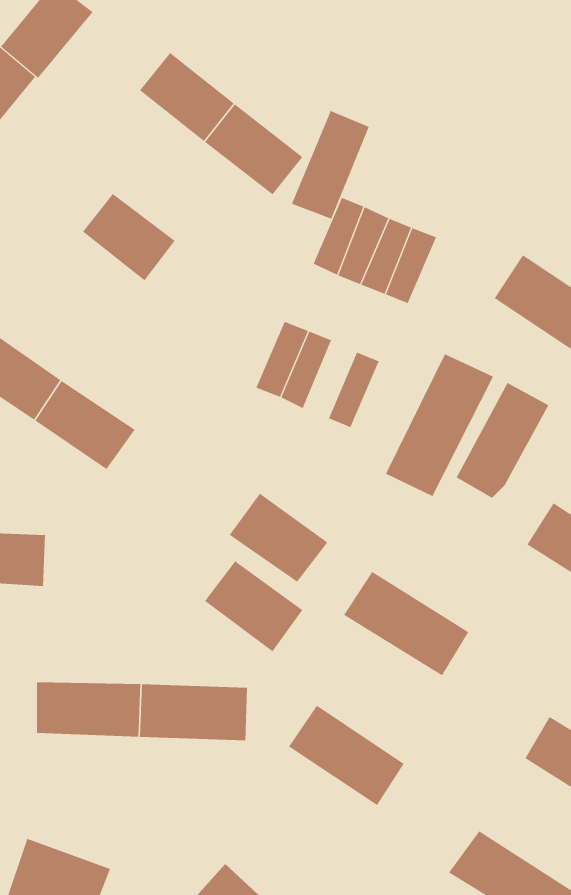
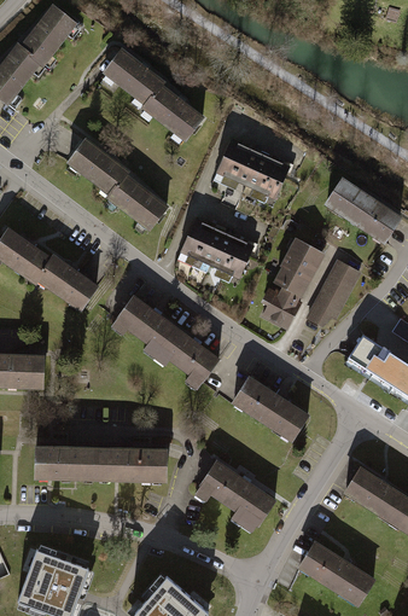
building: [291,110,369,220] -> none
building: none -> [106,168,170,228]
building: none -> [206,231,240,280]
building: [204,561,303,652] -> [116,296,179,354]

